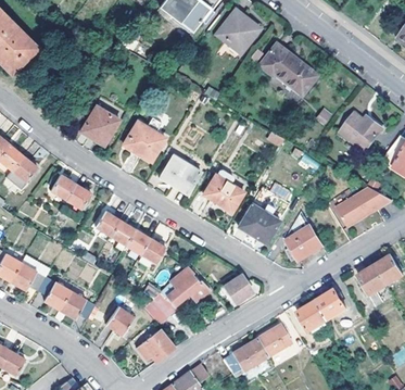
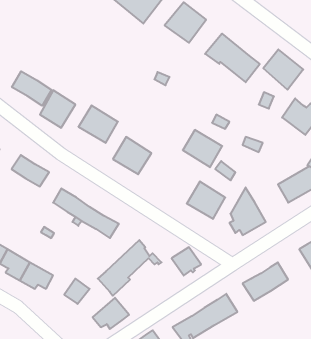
building: none -> [263,49,303,90]
building: none -> [12,71,51,106]
building: [203,173,245,213] -> [183,130,222,167]

